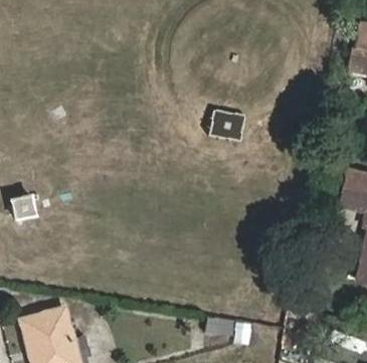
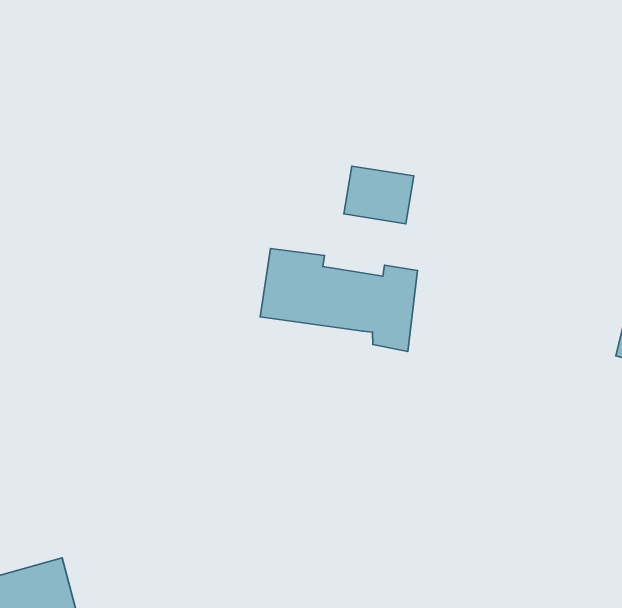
building: none -> [260,248,418,351]

